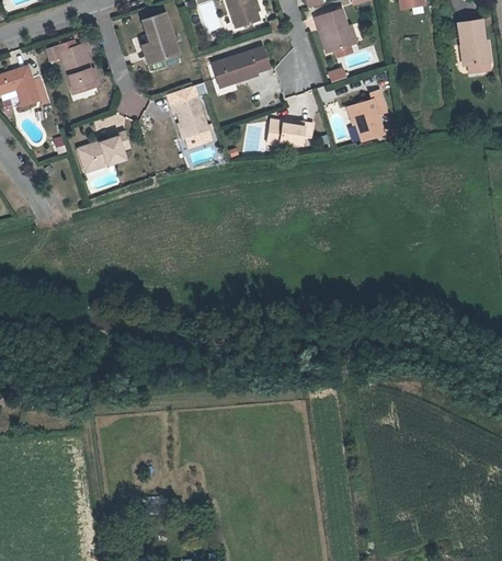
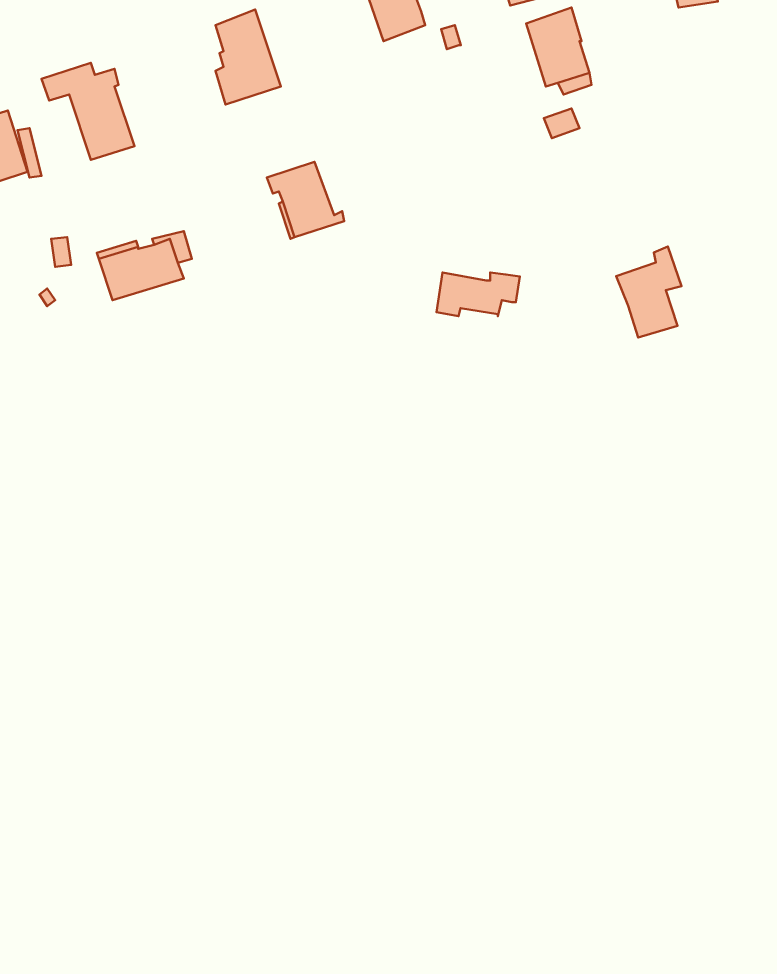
building: [214,47,270,84] -> none
building: [347,90,384,140] -> [616,247,682,338]
building: [266,121,312,145] -> [437,273,520,316]

